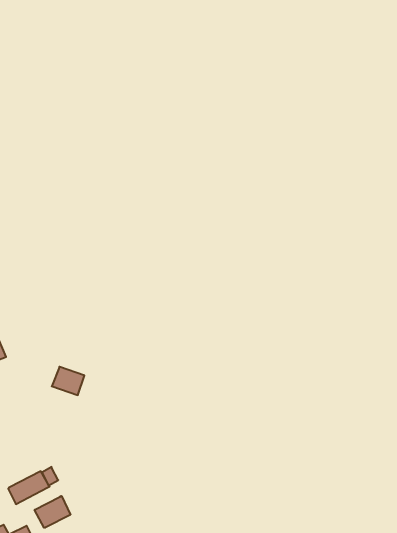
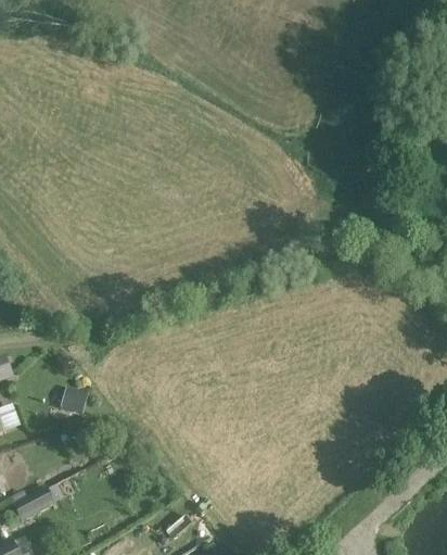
building: [35,496,70,528] -> none

